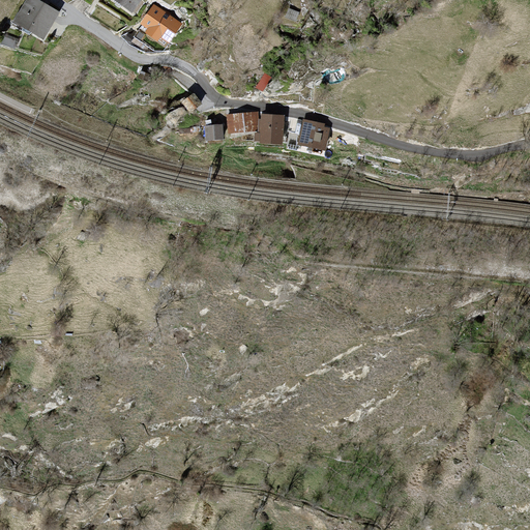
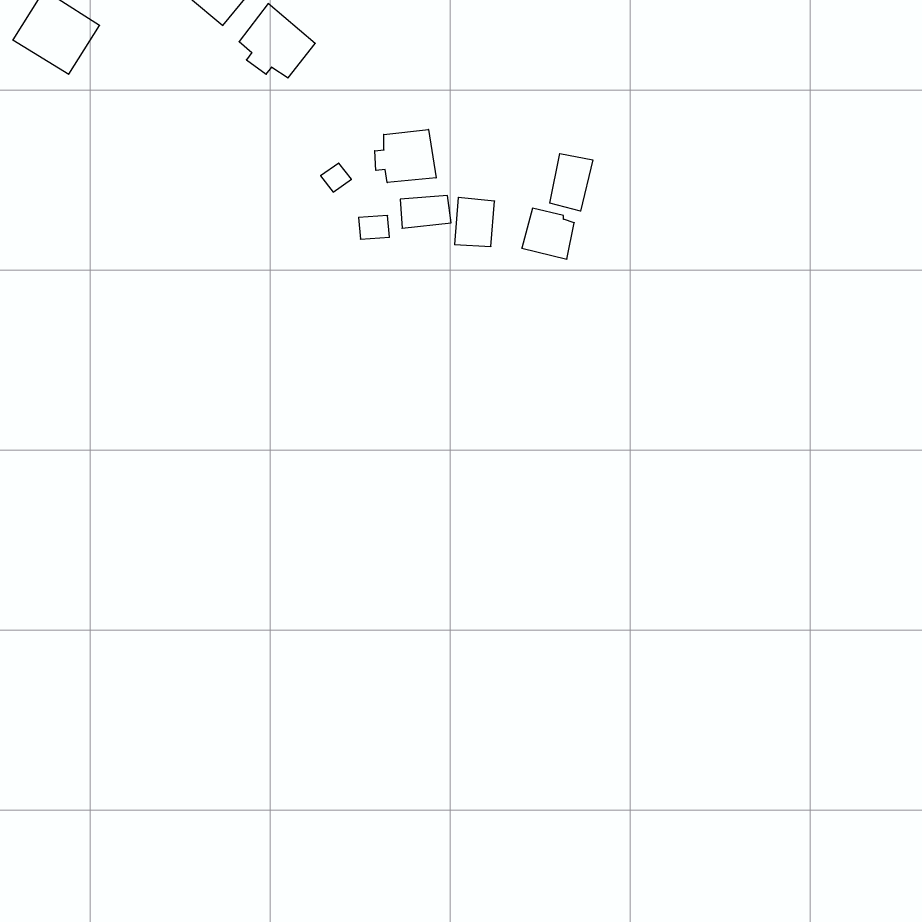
building: none -> [375,129,436,183]
building: none -> [550,154,593,211]

